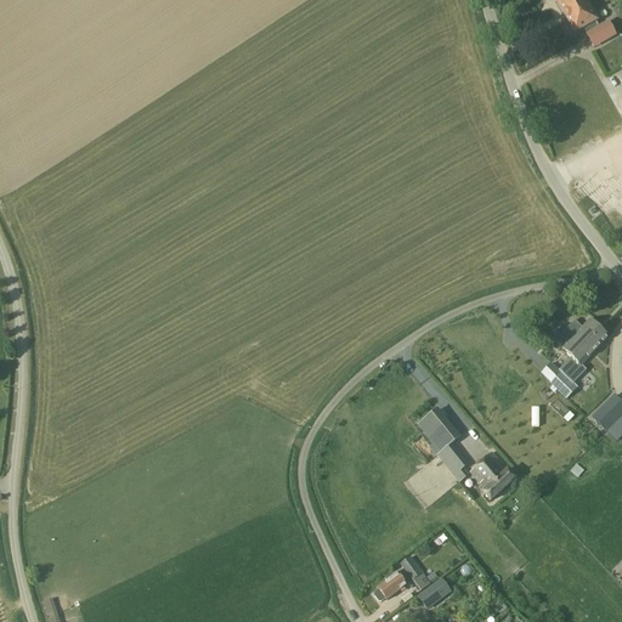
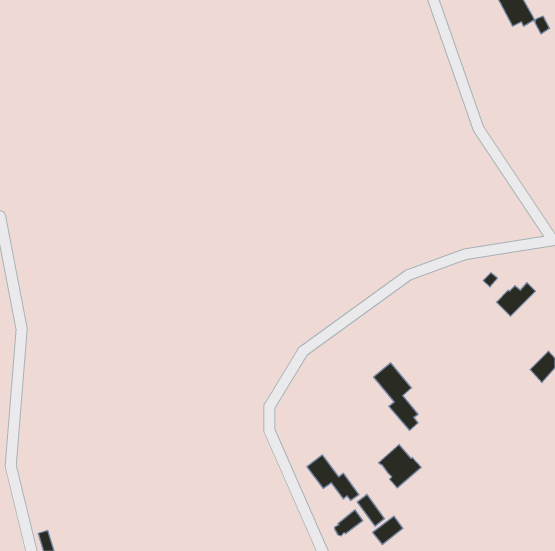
building: [549,326,607,396] -> none
building: [469,449,516,498] -> [379,444,421,488]
building: none -> [307,455,359,501]

